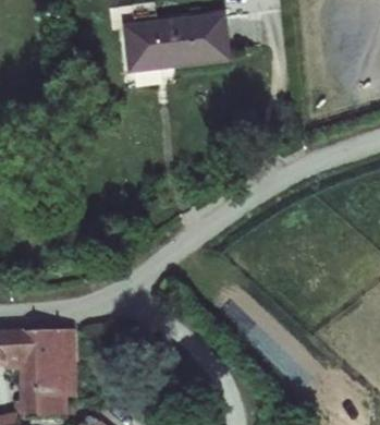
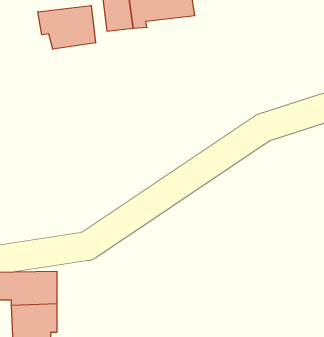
building: none -> [38,5,96,49]

